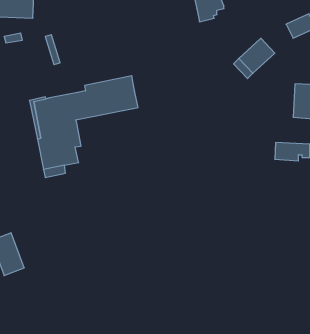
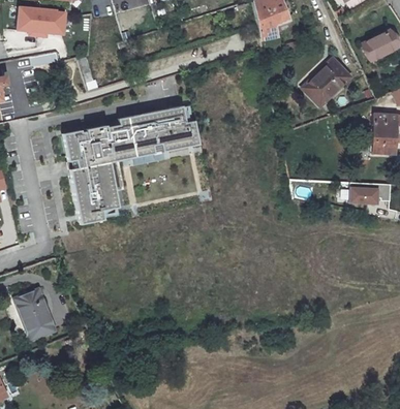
building: none -> [116,119,198,159]

